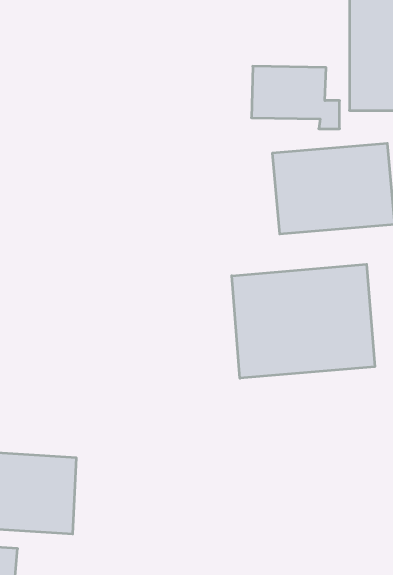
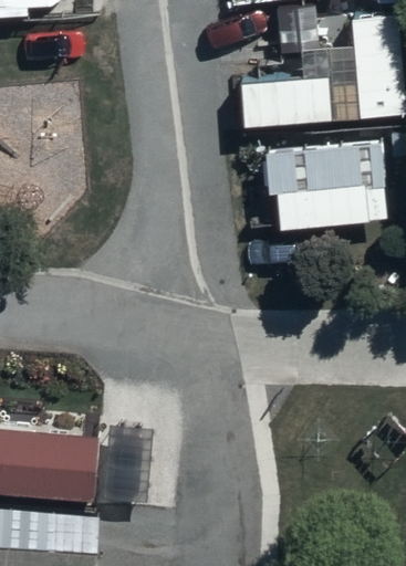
building: [232,264,375,378] -> none

